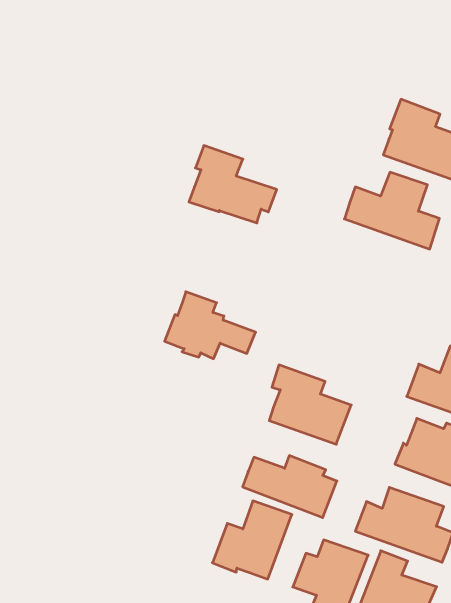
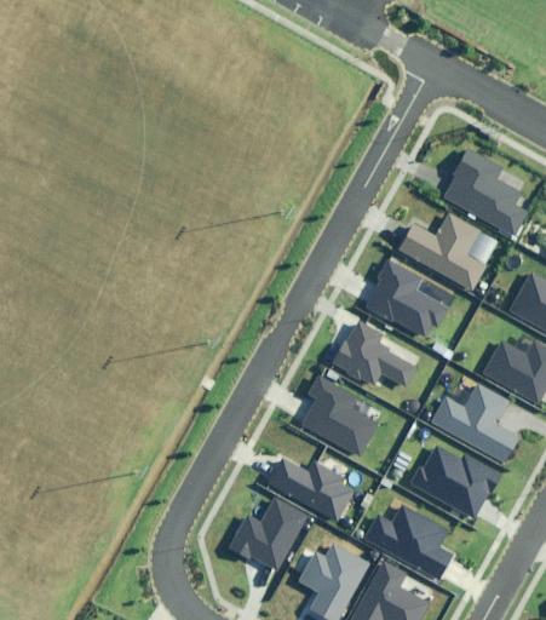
building: [189,146,277,223] -> [366,258,448,337]
building: [165,292,256,359] -> [331,320,415,385]

